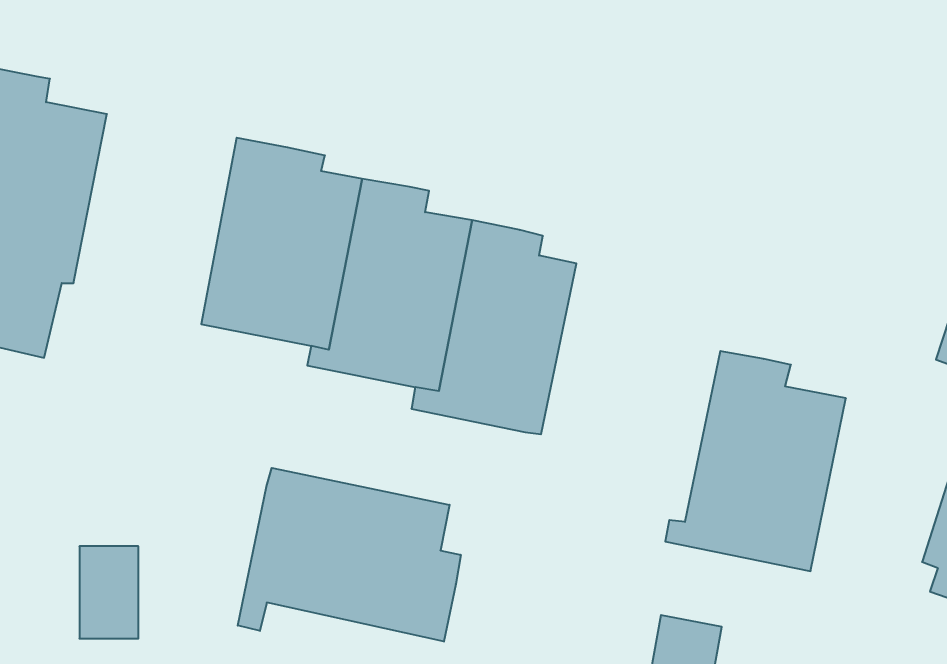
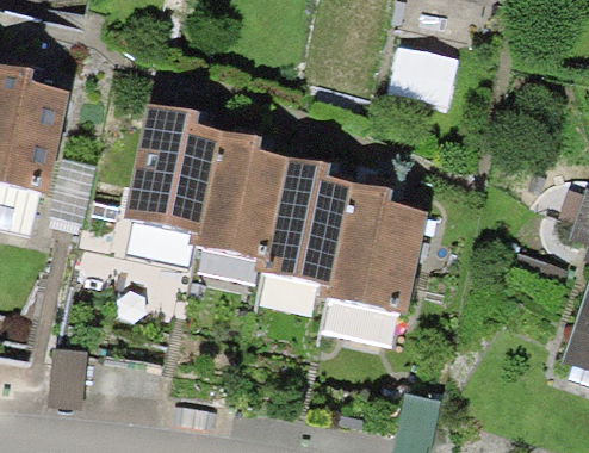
building: [665,351,846,571] -> [320,180,429,314]
building: [238,468,461,642] -> none

